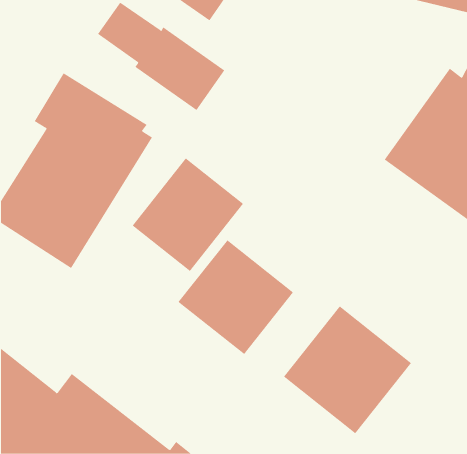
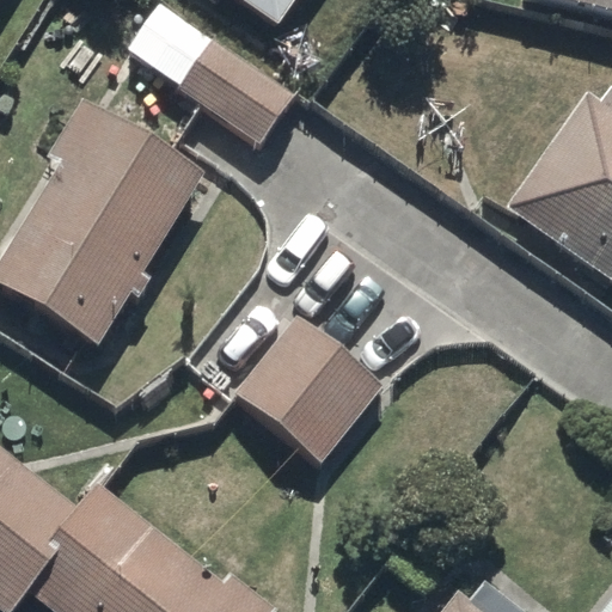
building: [132,158,244,272] -> none
building: [283,305,412,434] -> none

